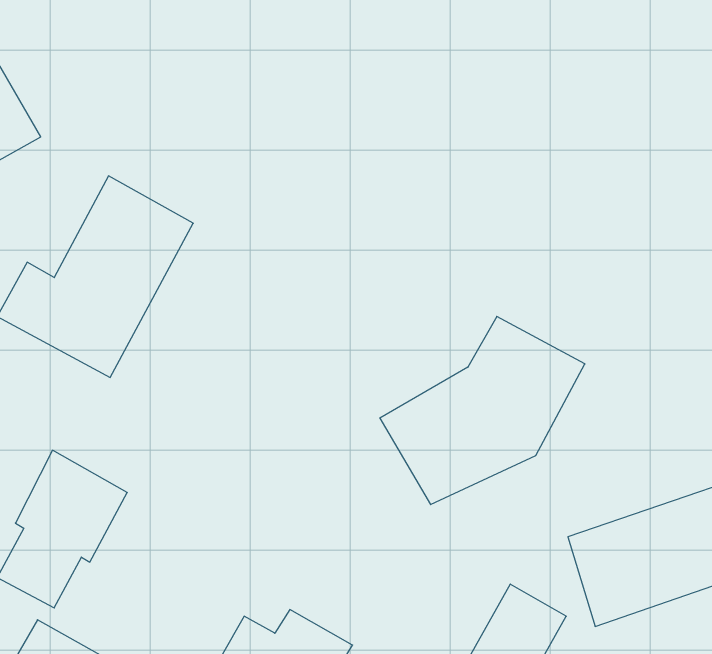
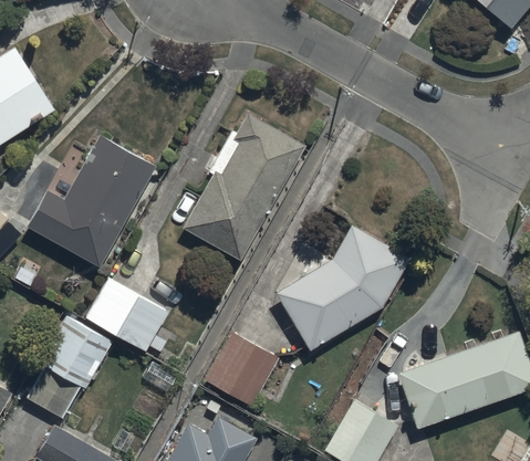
building: none -> [181,114,304,262]
building: none -> [85,279,167,352]
building: none -> [205,333,278,407]

